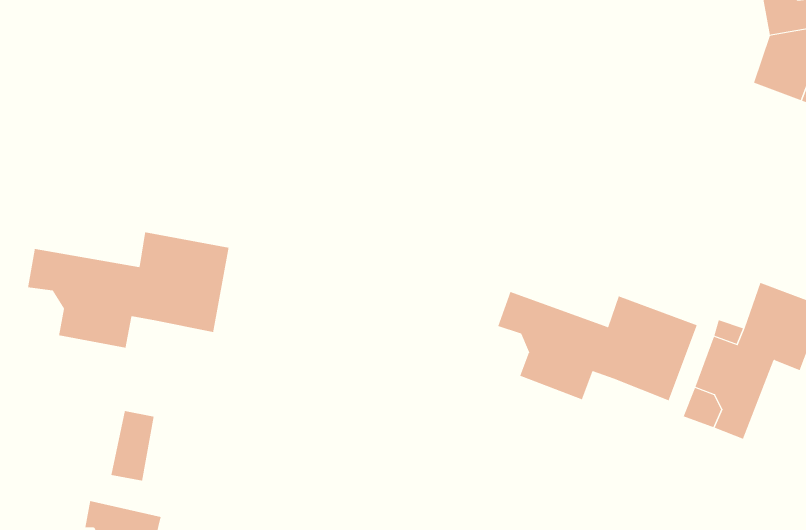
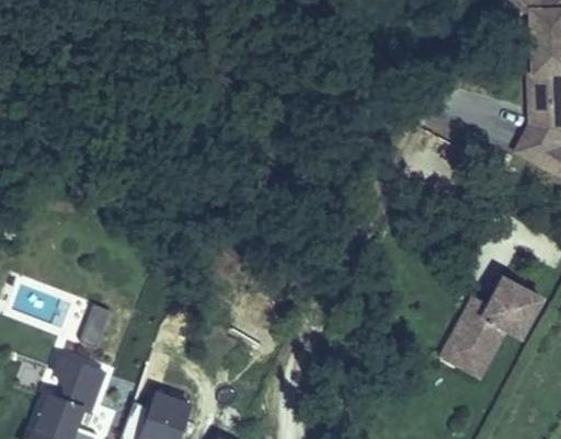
building: [28,232,229,349] -> none
building: [497,291,697,401] -> none

